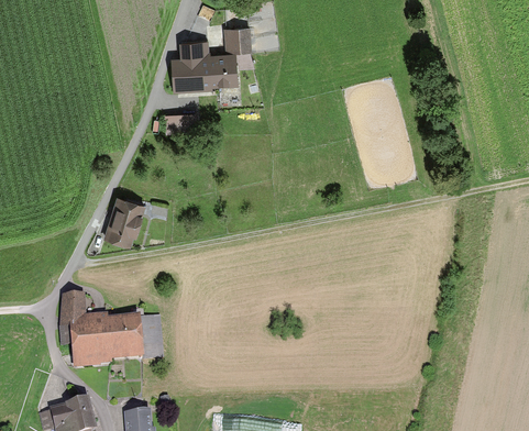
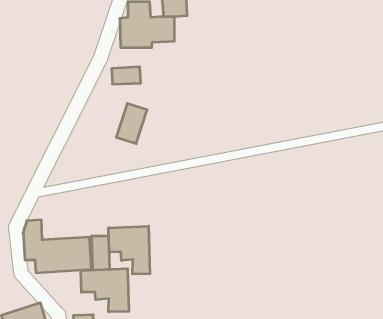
building: [107,191,144,240] -> [116,103,147,144]
building: none -> [109,226,150,274]
building: none -> [81,269,129,312]

